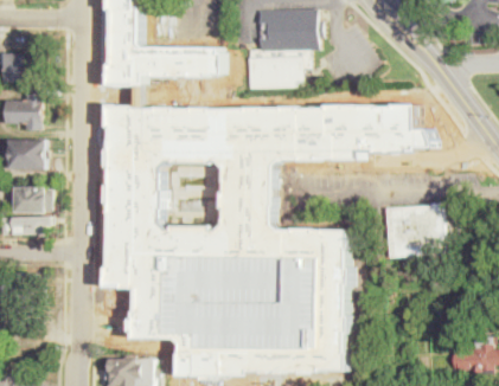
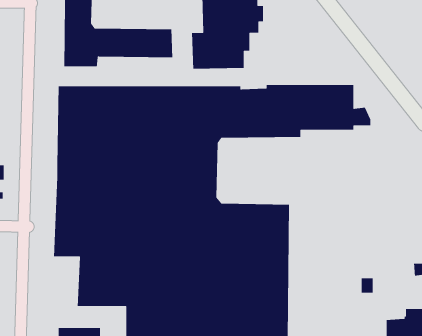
building: [377,206,443,259] -> none

